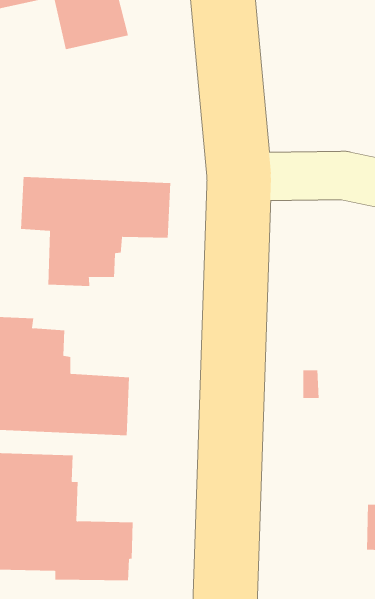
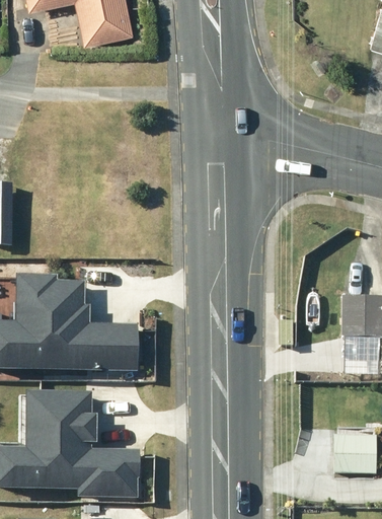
building: [21,176,171,287] -> none

